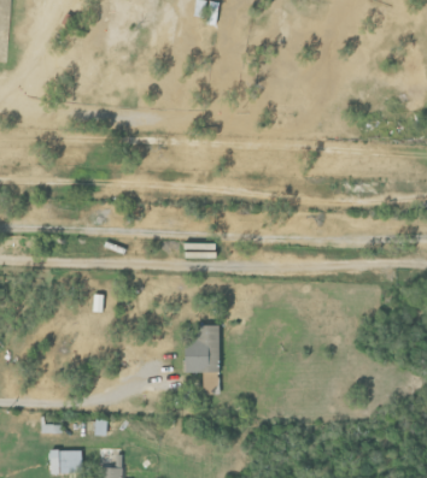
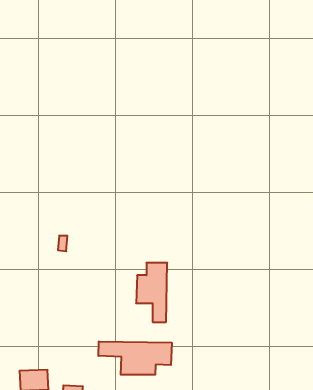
building: none -> [98,341,172,375]

